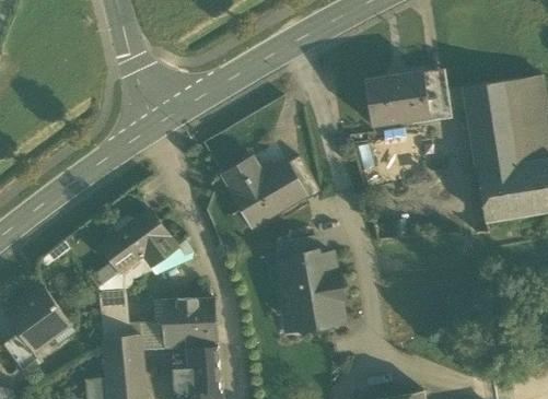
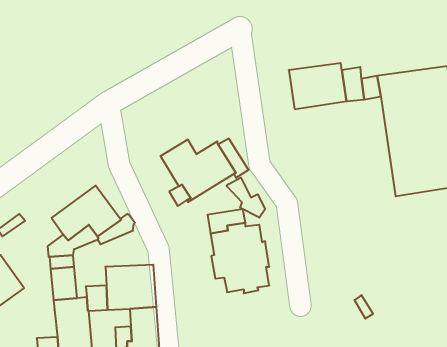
building: none -> [227,178,265,218]

